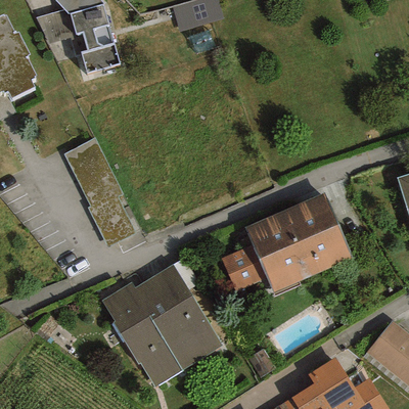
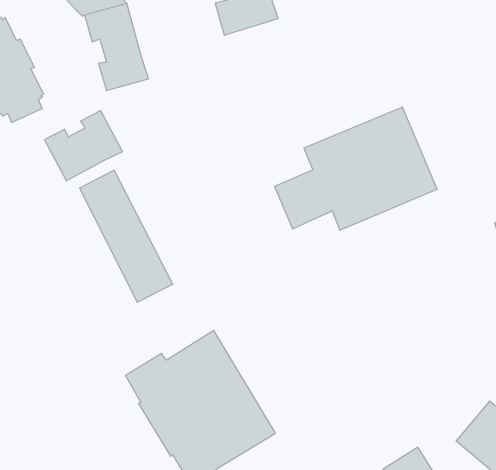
building: [36,9,77,44] -> none
building: none -> [44,110,123,181]
building: [221,194,351,292] -> [274,107,437,230]

